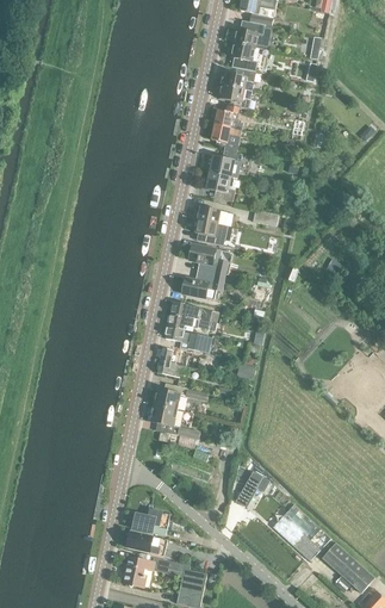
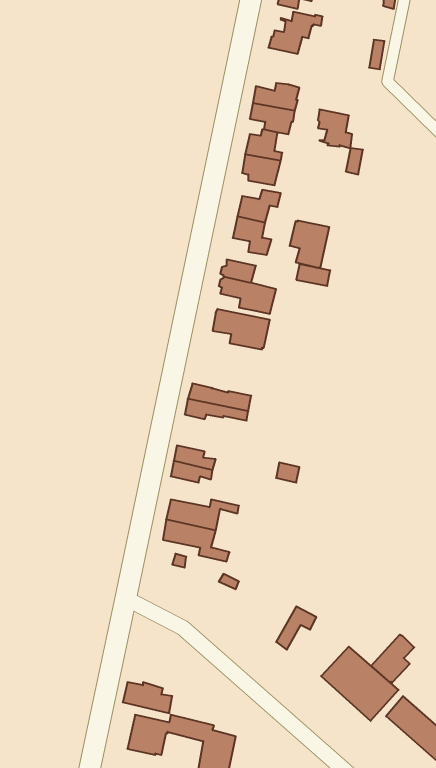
building: [229,42,255,72] -> [318,109,352,148]
building: none -> [290,220,329,268]
building: [180,269,225,302] -> none
building: [163,324,210,354] -> none
building: none -> [371,635,414,683]
building: [130,509,168,535] -> none

